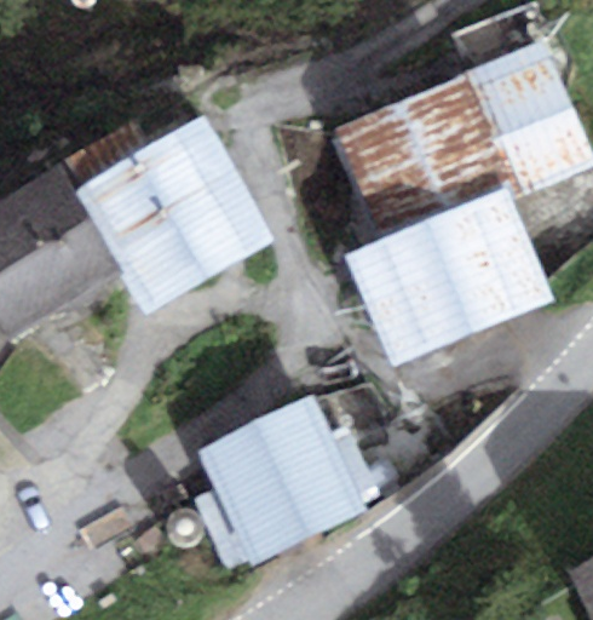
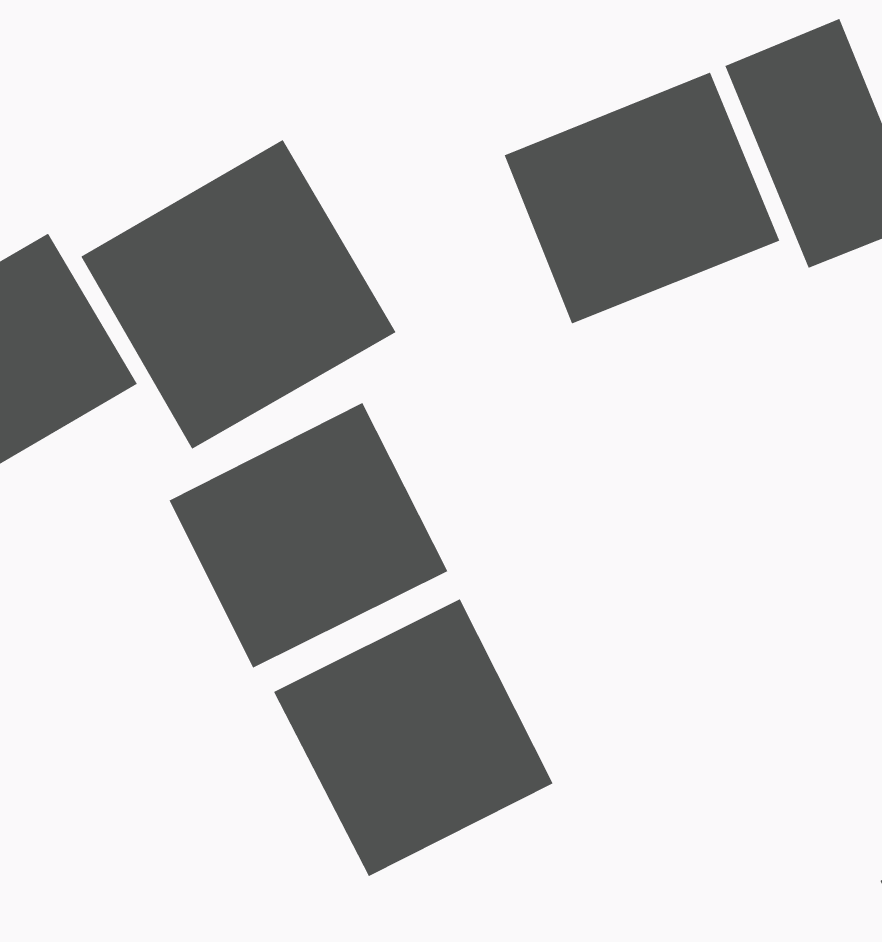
building: [346,190,551,366] -> none
building: none -> [169,402,448,669]

